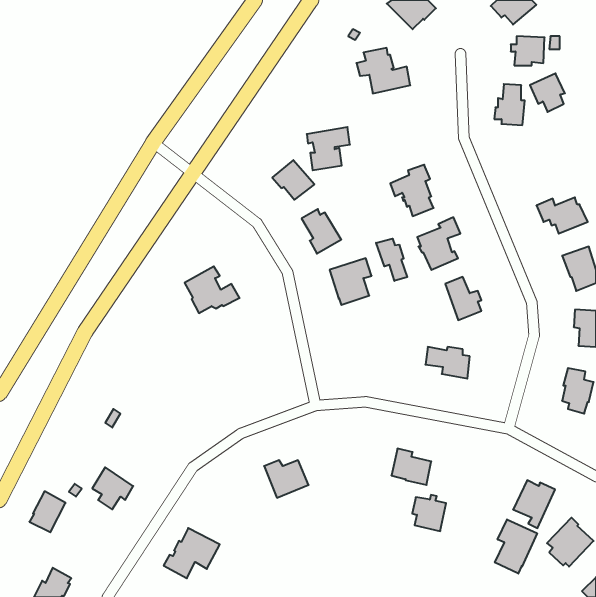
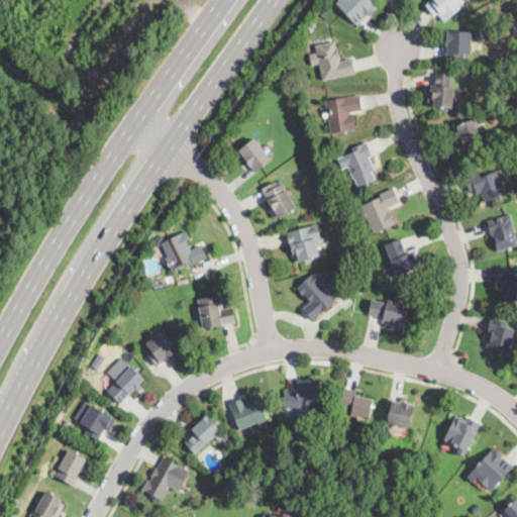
building: [530,73,565,112] -> [452,117,483,150]
building: [307,127,350,170] -> [324,95,361,132]
building: [376,239,407,281] -> none
building: none -> [297,271,335,321]
building: none -> [197,295,234,328]
building: none -> [145,330,178,367]
building: none -> [107,357,143,404]
building: none -> [284,383,322,411]
building: none -> [184,415,226,453]
building: [29,491,66,532] -> [55,449,86,485]
building: [412,495,446,531] -> [385,397,414,428]
building: [495,519,537,574] -> none

